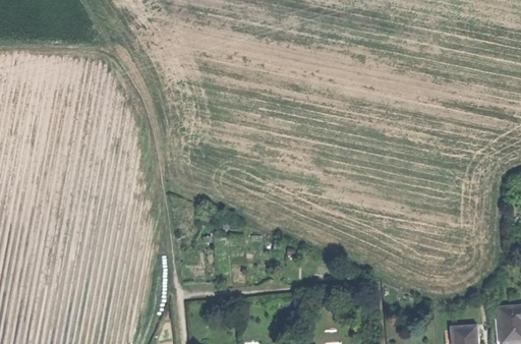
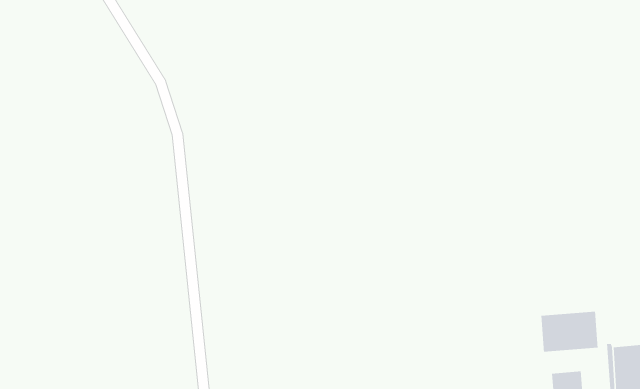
building: none -> [541,311,598,353]

